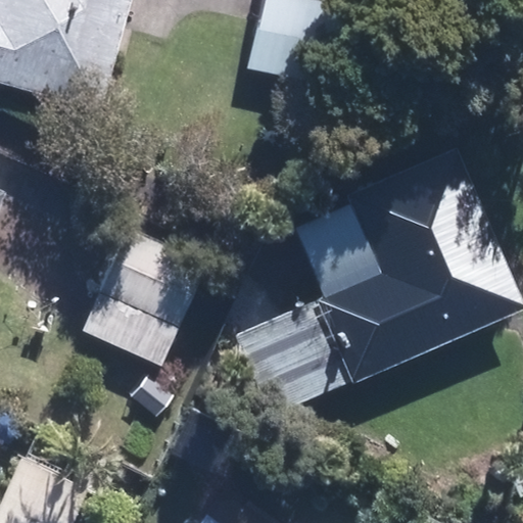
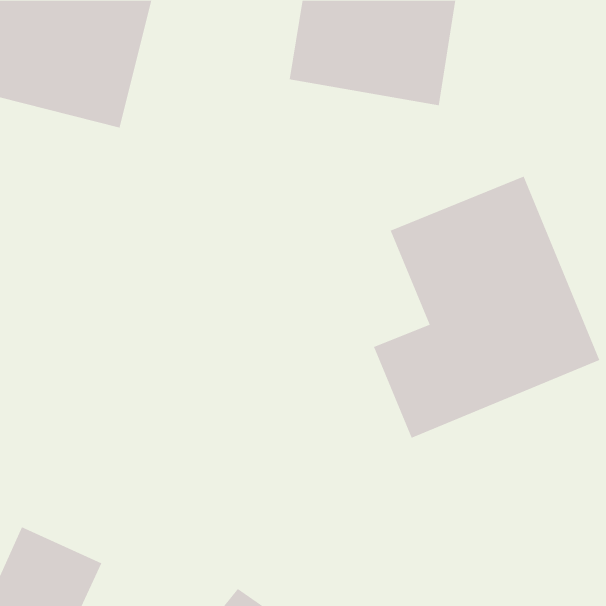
building: [80,223,207,364] -> none
building: [234,305,342,418] -> none

